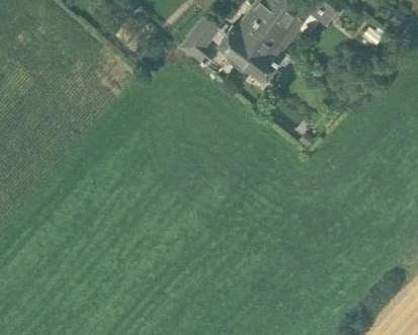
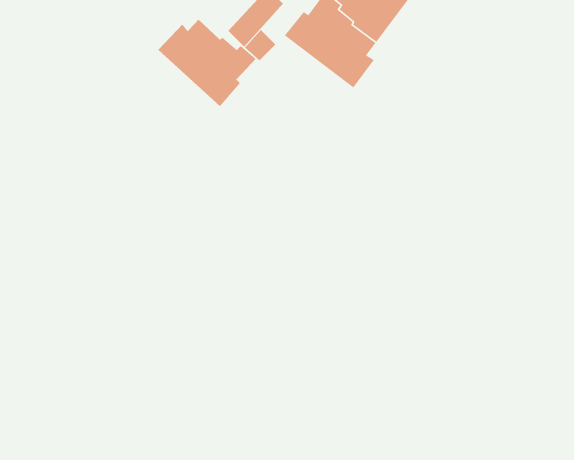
building: none -> [158,19,257,107]

